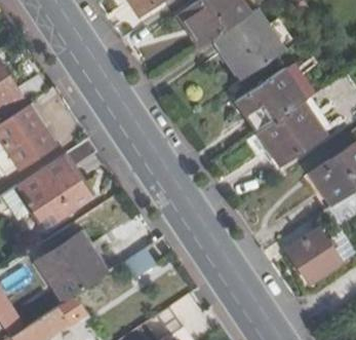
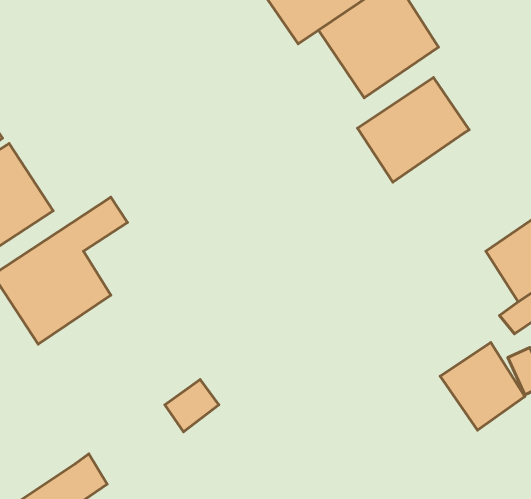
building: [259,101,323,162] -> none
building: [39,235,106,302] -> none

